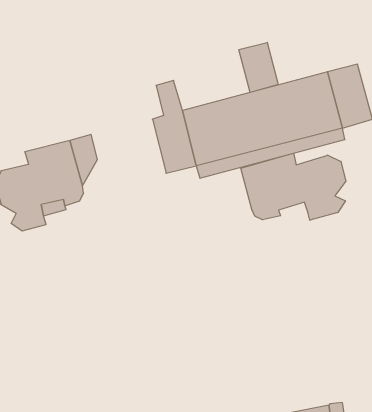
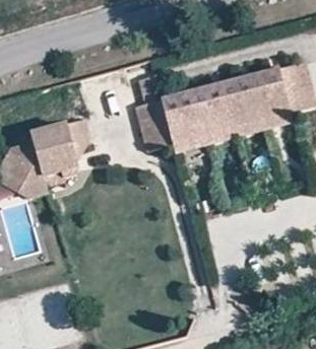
building: [239,42,278,92] -> none
building: [241,153,346,220] -> none

